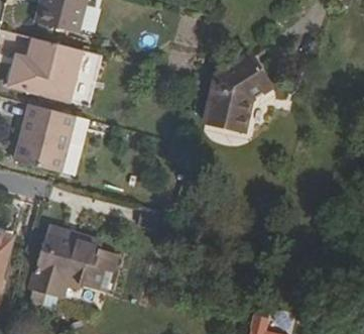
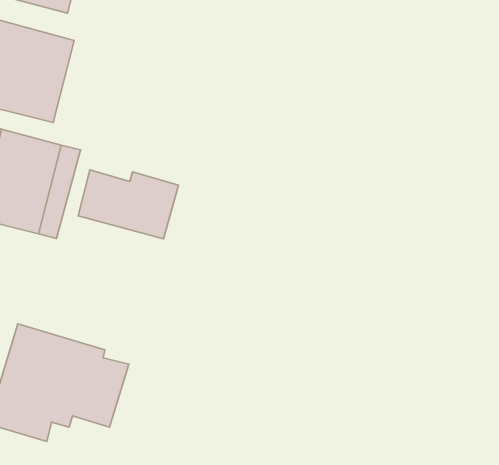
building: [204,46,271,127] -> none
building: none -> [78,170,178,239]

